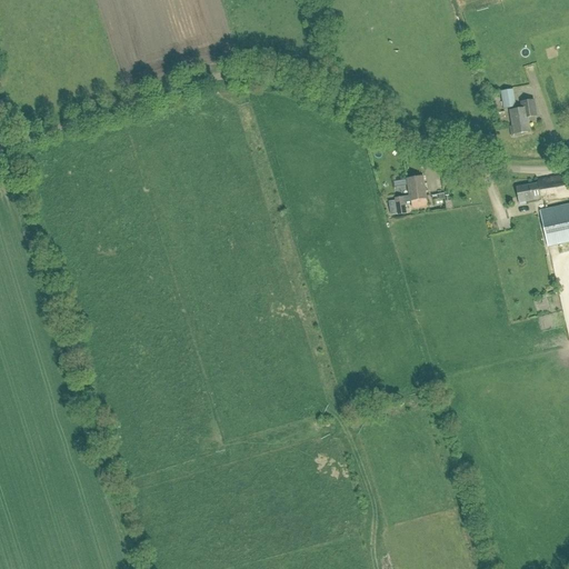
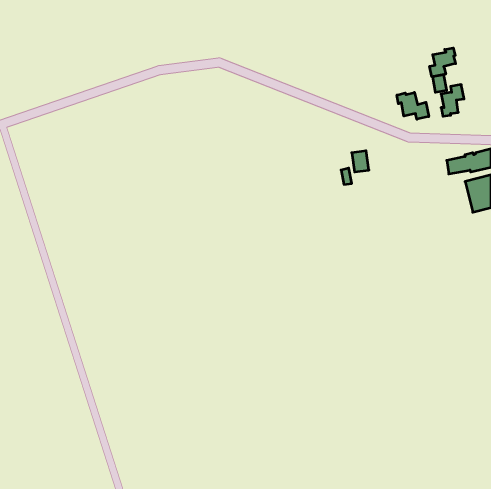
building: none -> [430,48,456,77]
building: none -> [397,92,429,119]

